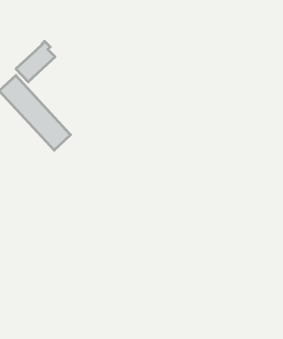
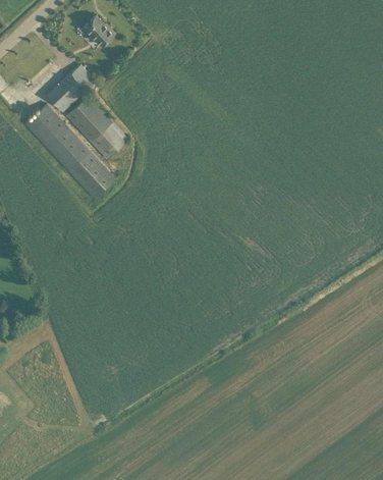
building: none -> [81,14,111,45]
building: none -> [63,93,125,157]

